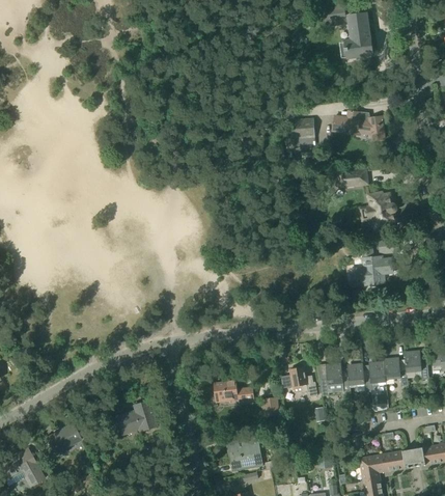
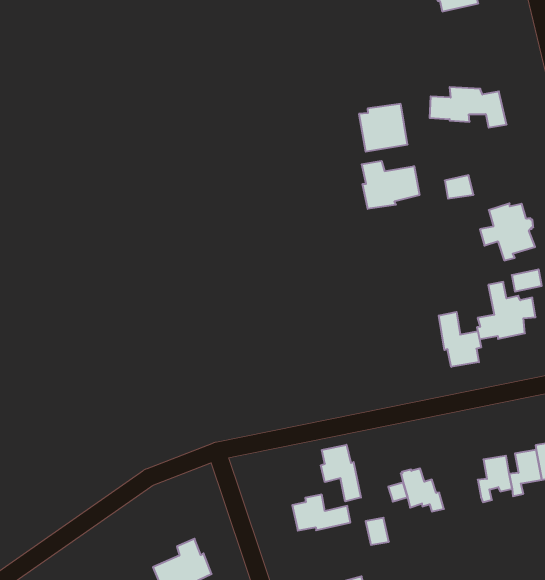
building: none -> [362,161,419,209]
building: none -> [439,312,481,367]
building: none -> [321,445,361,501]
building: [318,363,342,394] -> none

